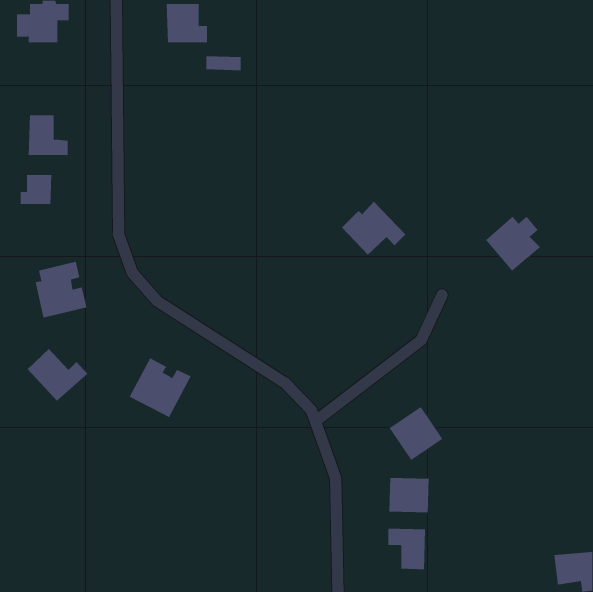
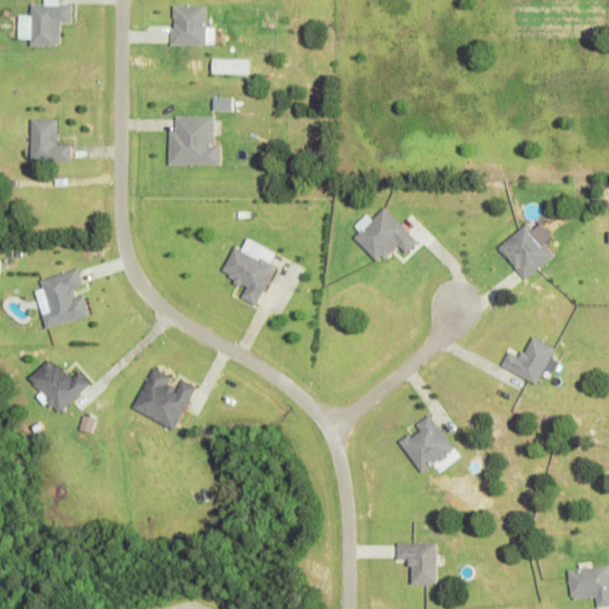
building: none -> [169,115,220,165]
building: [20,174,52,205] -> none
building: none -> [220,239,275,306]
building: none -> [501,335,557,384]
building: [389,477,429,513] -> none

